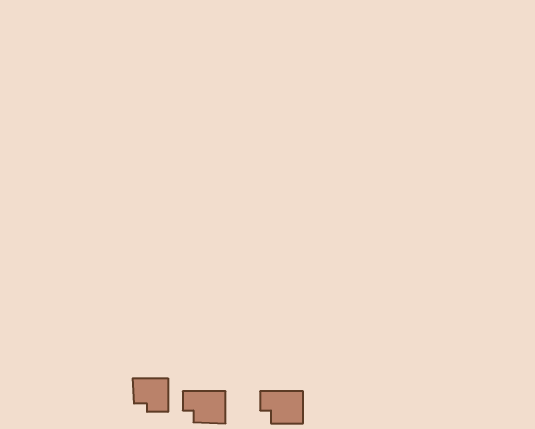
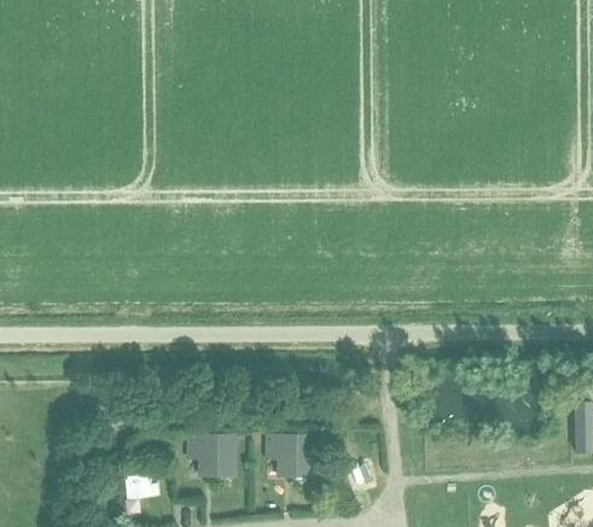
building: [133,378,168,412] -> none

